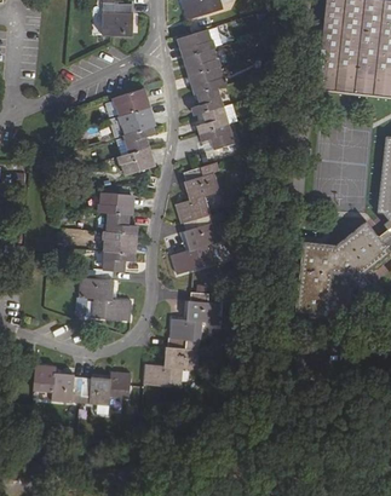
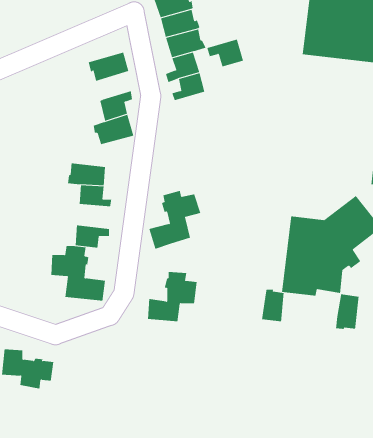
building: [120,105,157,132] -> none
building: [195,125,230,151] -> [206,39,244,67]
building: [174,166,218,223] -> none
building: [100,230,136,253] -> none
building: none -> [261,289,284,322]
building: none -> [335,293,359,330]
building: [143,338,197,386] -> none
building: [80,371,130,405] -> none

